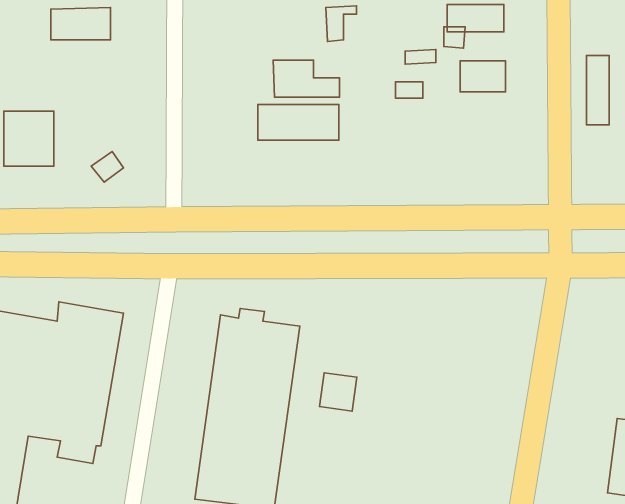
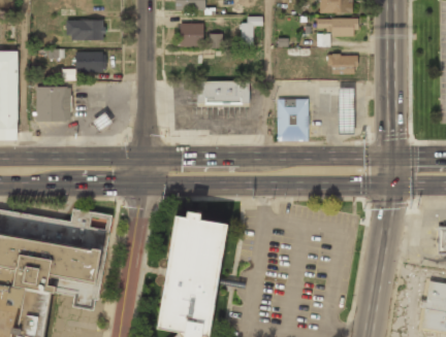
building: [587,55,609,125] -> [338,88,352,132]
building: none -> [74,52,104,72]
building: [273,60,339,97] -> [179,23,221,46]
building: none -> [276,99,307,140]
building: [319,373,357,411] -> none

